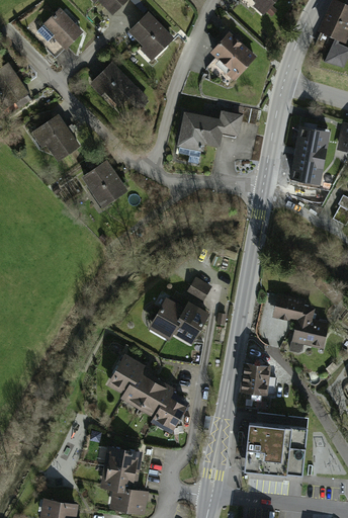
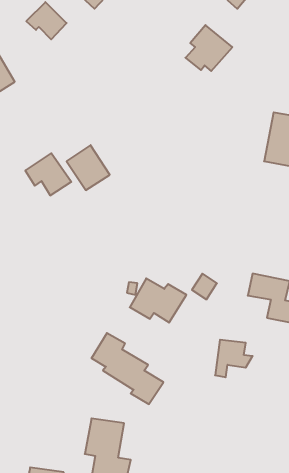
building: [130,15,174,61] -> none
building: [91,63,146,107] -> none
building: [177,111,243,151] -> none
building: [30,115,79,160] -> [25,153,71,195]
building: [186,279,212,307] -> [192,274,217,299]
building: [246,426,307,473] -> none

